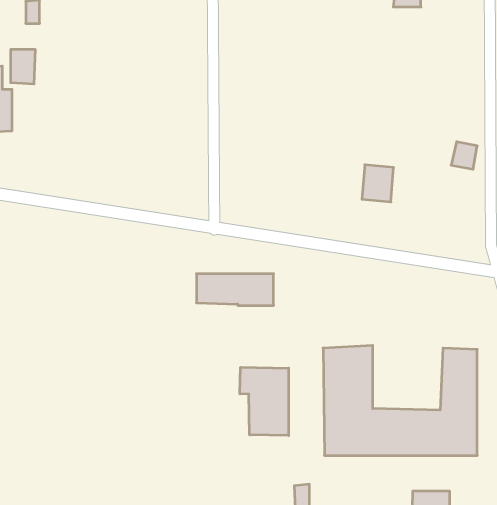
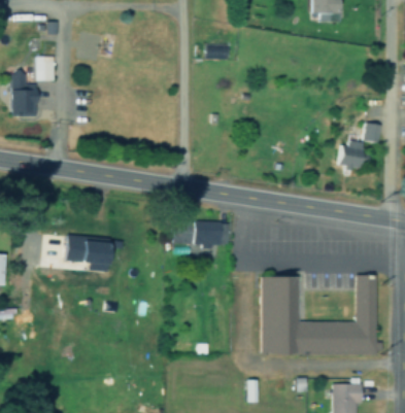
building: [362,165,394,202] -> [338,141,362,169]
building: none -> [65,236,108,271]
building: [240,367,289,436] -> none

